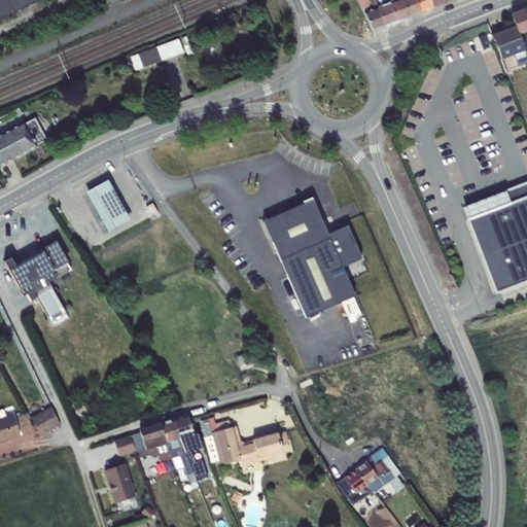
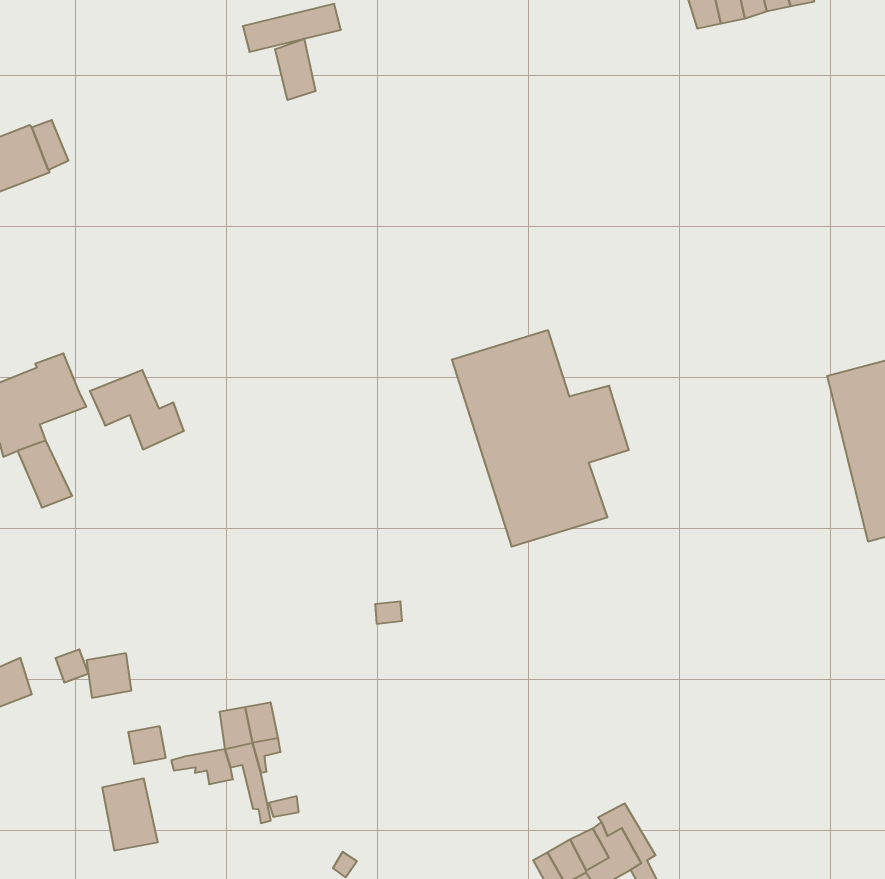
building: none -> [275,39,315,100]
building: [79,182,132,224] -> [90,370,184,449]
building: [205,418,290,465] -> none
building: [141,422,167,448] -> [86,653,131,698]

